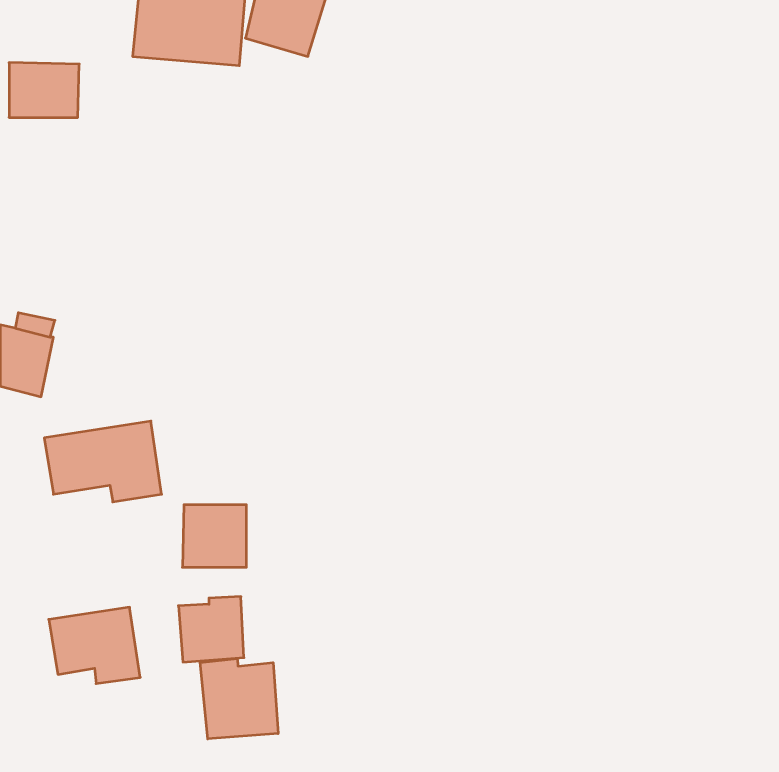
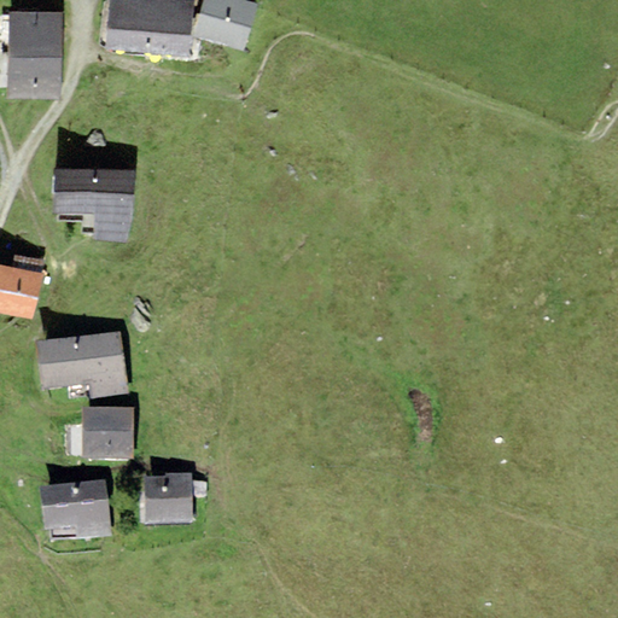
building: none -> [7,5,63,51]
building: none -> [53,162,134,238]
building: [182,505,246,567] -> [82,408,133,457]
building: [200,659,278,739] -> none

